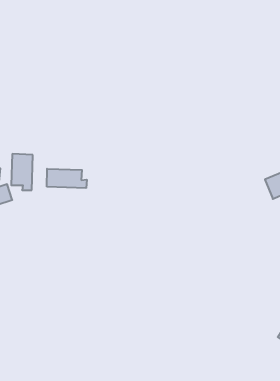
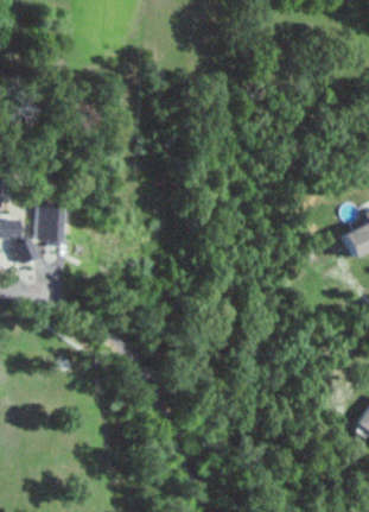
building: [47,169,87,188] -> none

